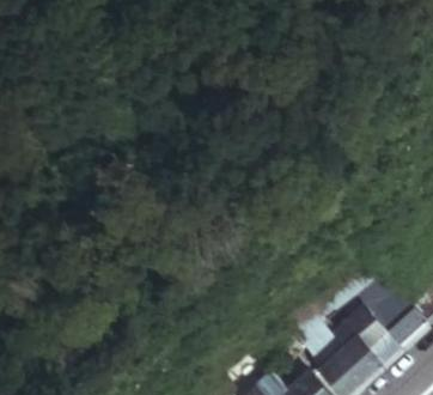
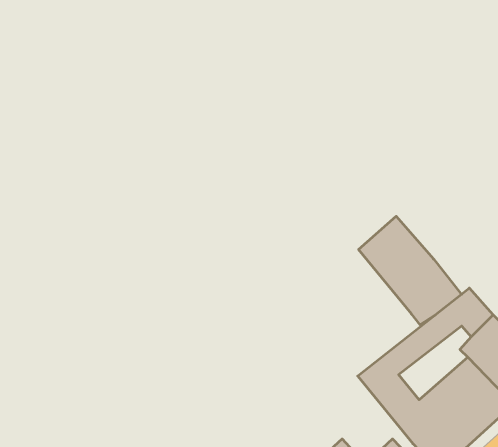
building: none -> [359,216,462,325]

